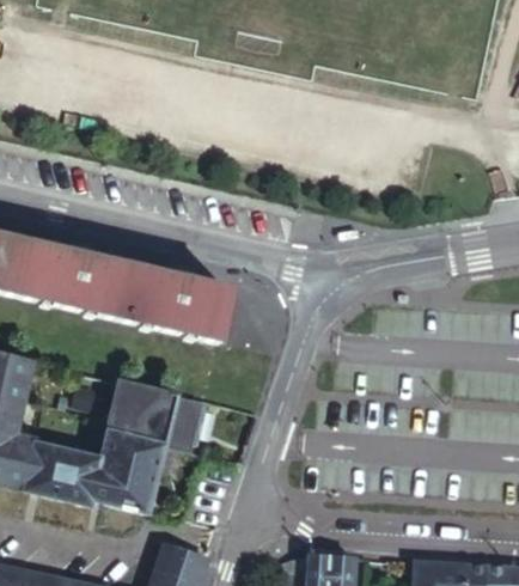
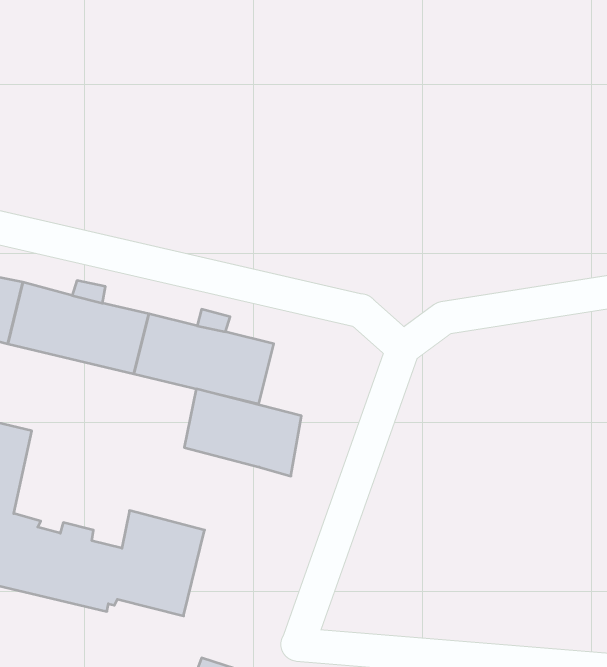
building: [108,378,201,447] -> [184,389,301,476]

